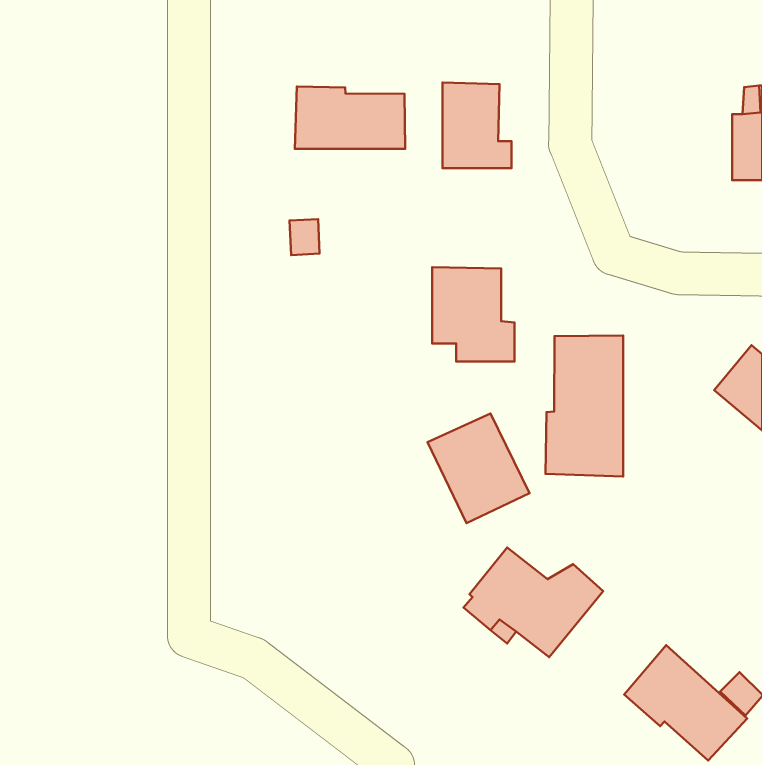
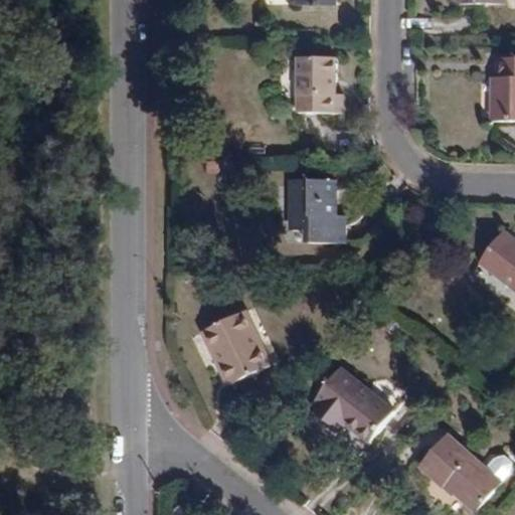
building: [295,87,405,149] -> none
building: [545,335,623,477] -> none
building: [428,414,530,523] -> [202,311,271,384]

